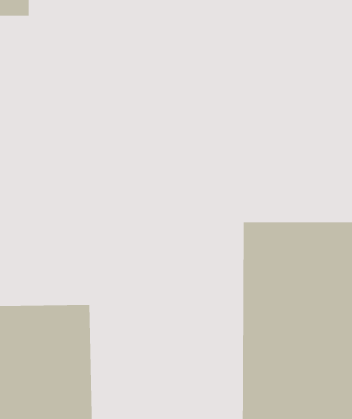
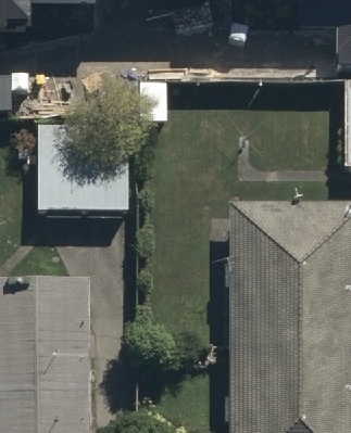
building: none -> [36,123,127,218]

